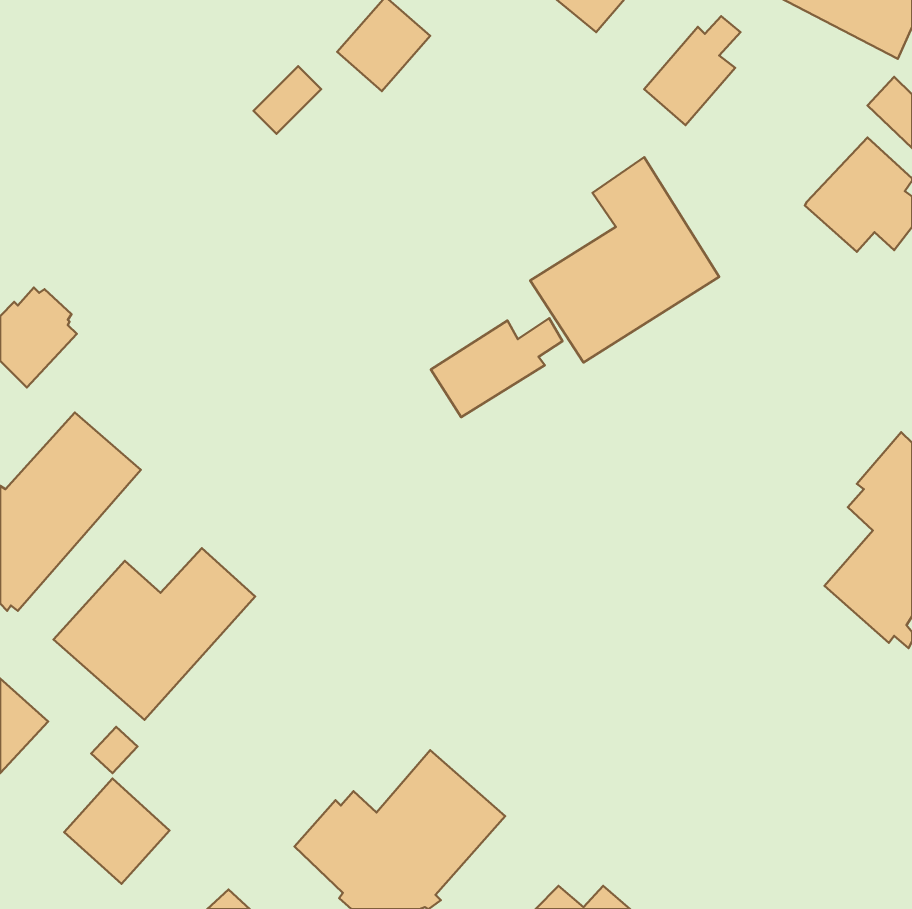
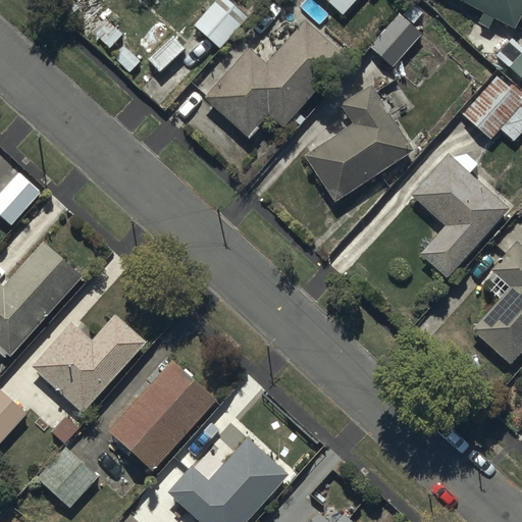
building: none -> [202,24,346,144]
building: none -> [410,153,511,283]
building: [431,318,562,417] -> none
building: none -> [109,351,217,461]

